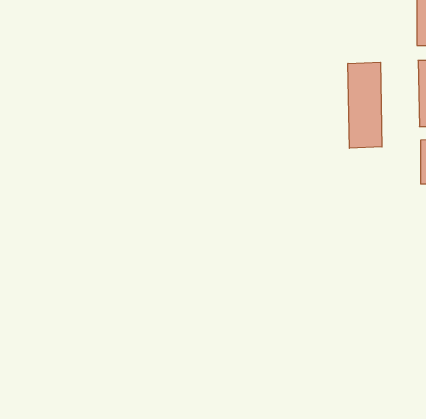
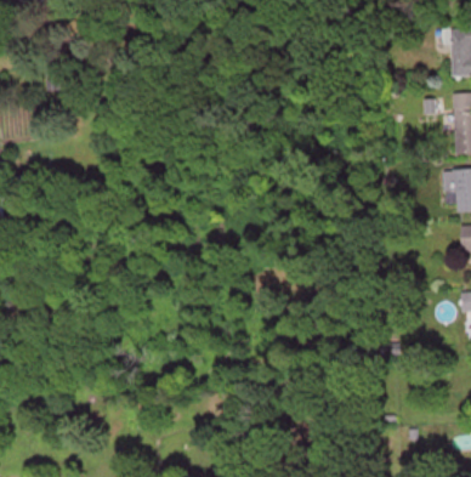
building: [348,62,382,148] -> none

